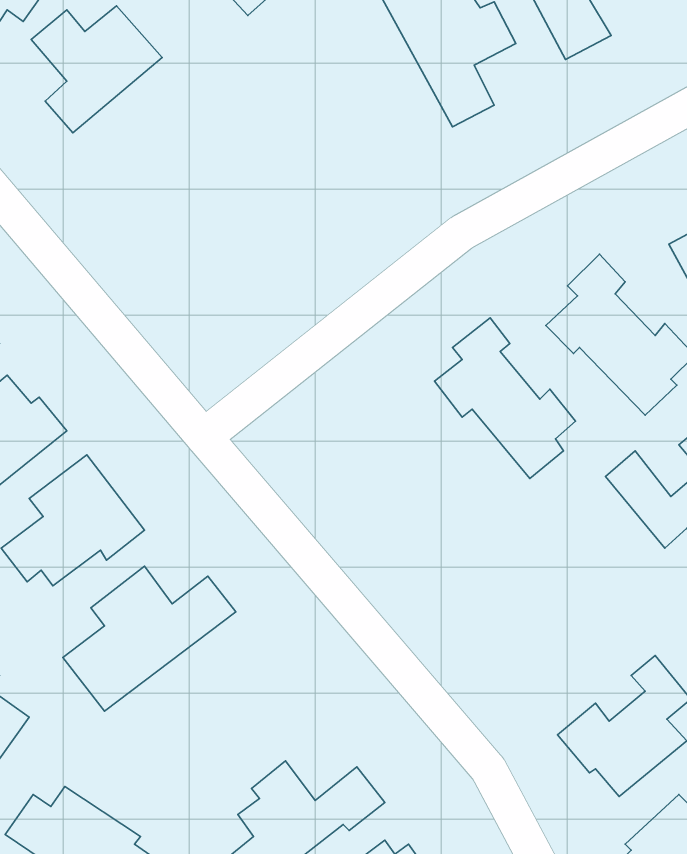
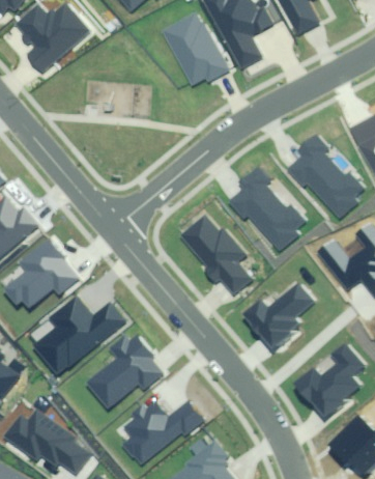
building: none -> [164,11,229,84]
building: none -> [181,215,253,293]
building: none -> [242,283,312,348]
building: none -> [88,334,164,407]

